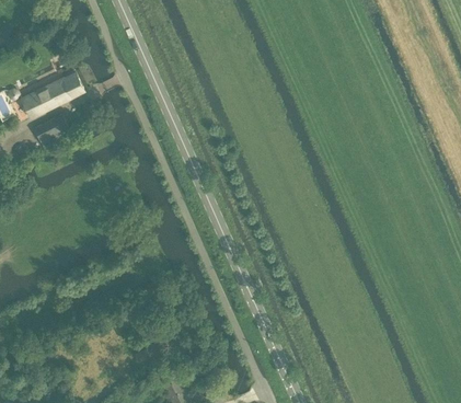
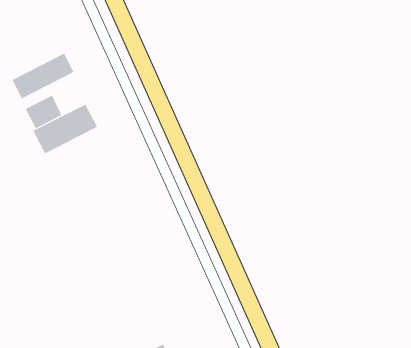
building: none -> [33,104,98,154]

